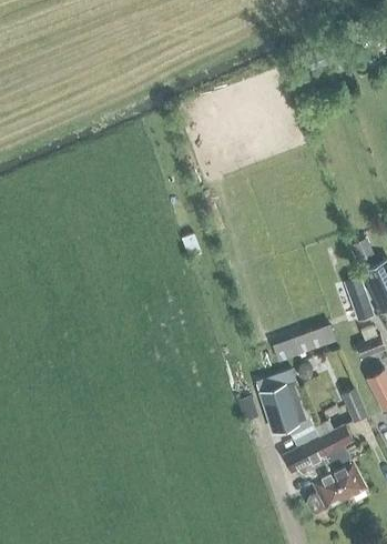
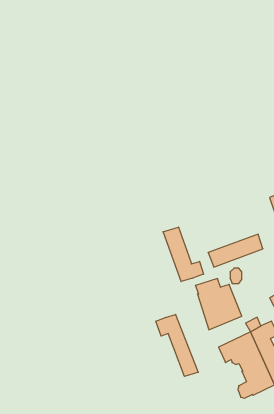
building: none -> [163,227,204,282]
building: none -> [156,314,198,376]

